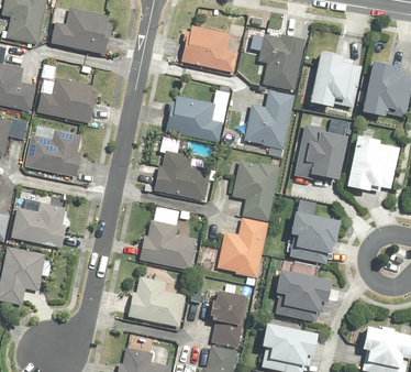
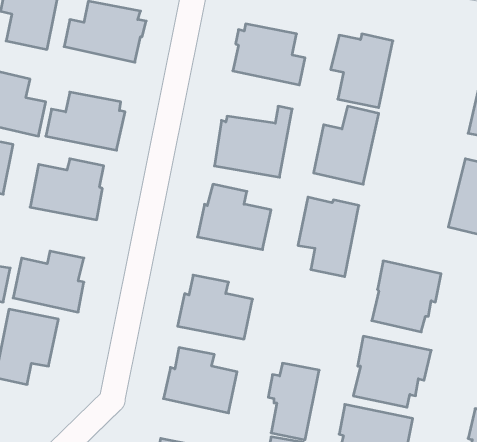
building: [312,48,363,108] -> none
building: [295,123,349,179] -> none
building: [215,217,268,277] -> none

